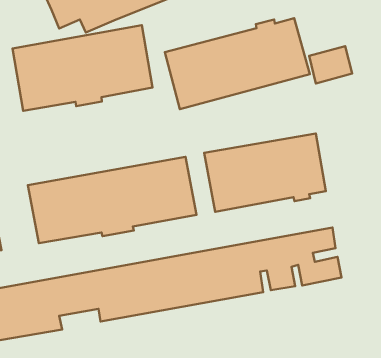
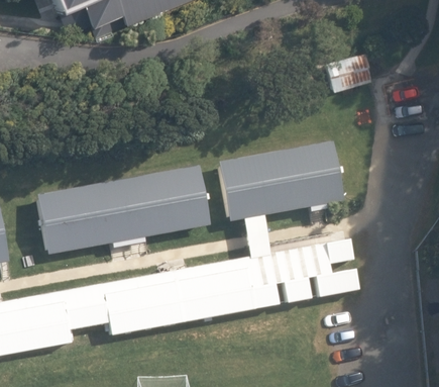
building: [165,18,310,109] -> none
building: [12,25,153,111] -> none

